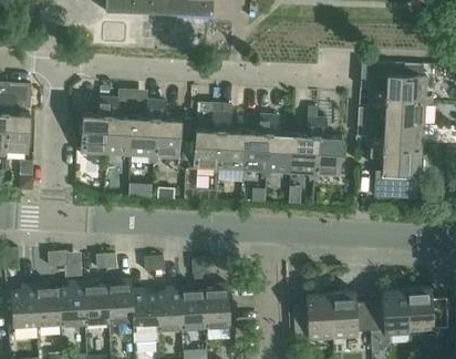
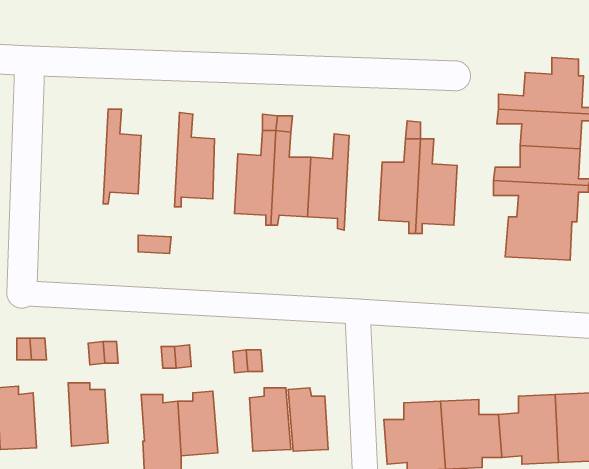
building: [81,96,110,161] -> none
building: [129,100,157,163] -> none
building: [267,115,292,178] -> none
building: [107,278,134,320] -> none
building: [60,280,85,324] -> none
building: [179,285,206,327] -> [288,388,328,451]

